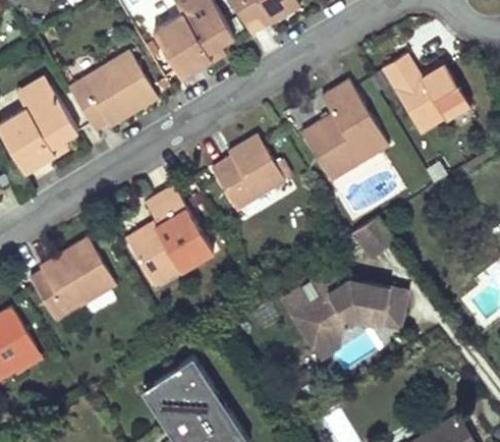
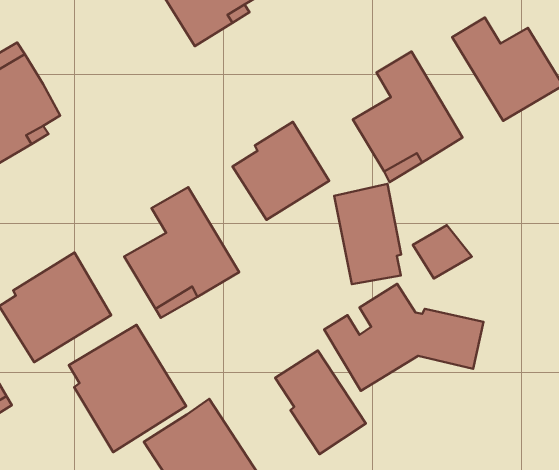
building: [66,50,158,131] -> none
building: none -> [334,184,401,284]
building: none -> [69,325,186,452]
building: none -> [275,351,366,454]

